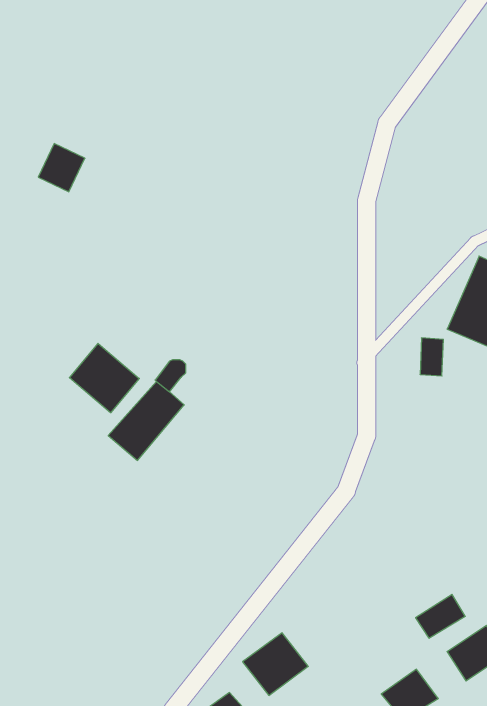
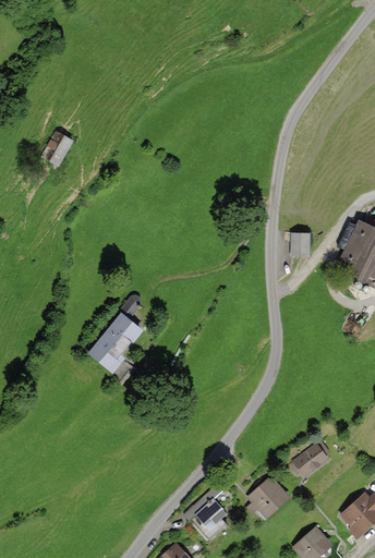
building: [420,338,443,376] -> [291,230,309,258]
building: [69,343,139,413] -> none
building: [416,594,465,638] -> [291,444,328,476]
building: none -> [246,475,290,518]

